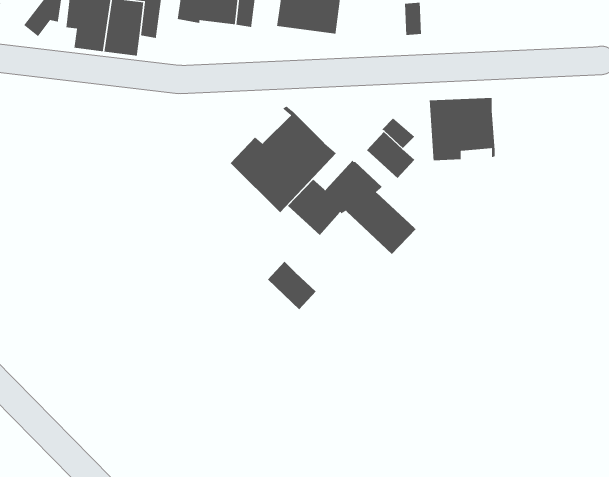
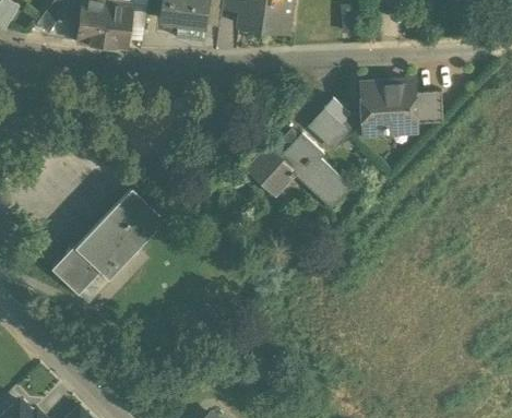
building: [230,106,337,213] -> none
building: none -> [413,91,443,124]
building: none -> [52,188,166,295]
building: [267,261,316,310] -> none

